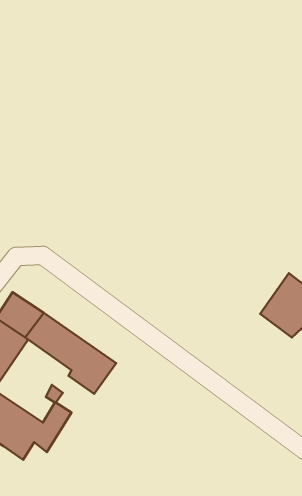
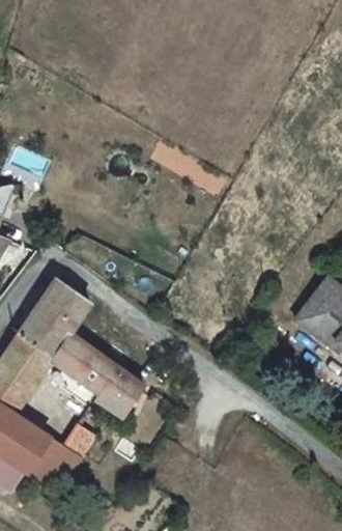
building: none -> [34,280,89,331]

